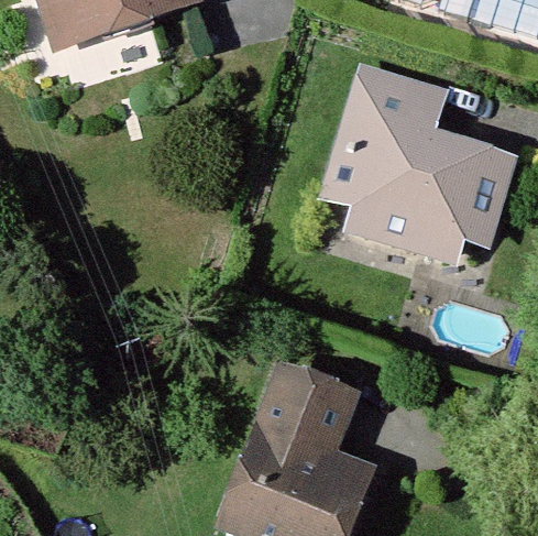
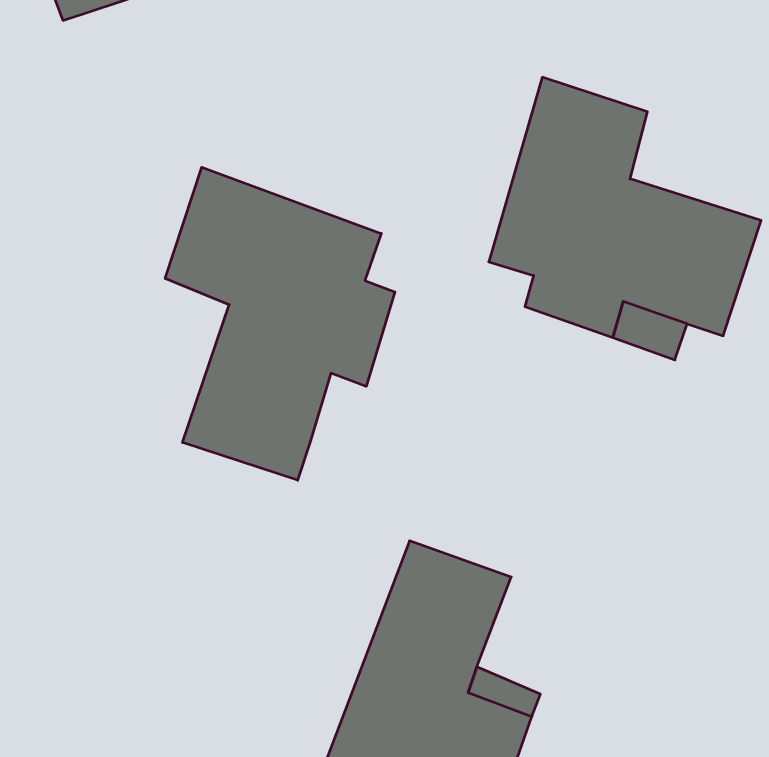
building: none -> [165,167,395,480]

